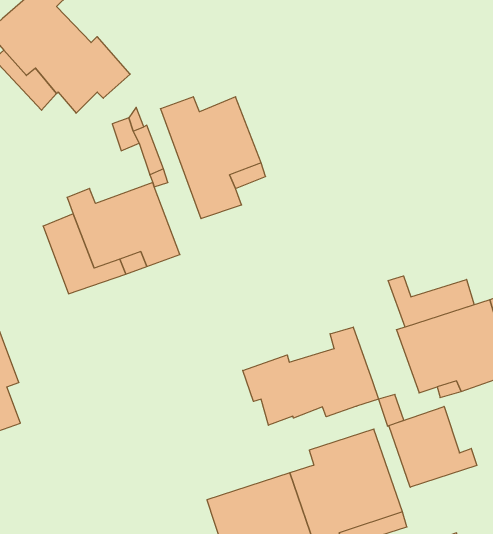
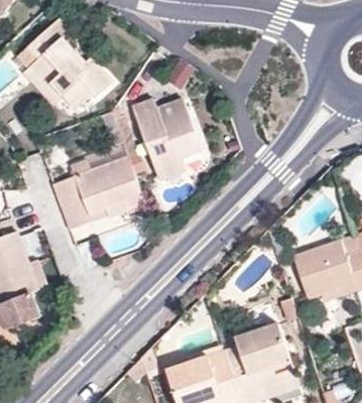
building: [388,276,474,327] -> none
building: [243,327,378,425] -> none
building: [389,406,477,487] -> none

